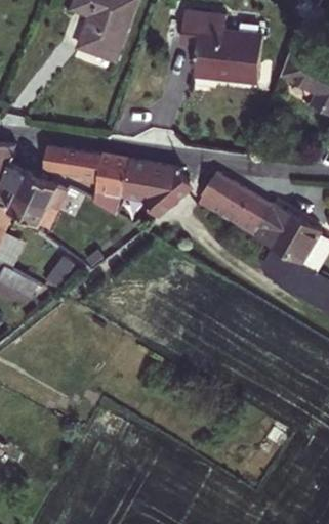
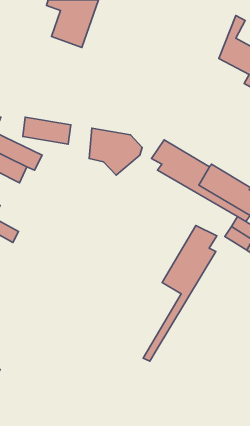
building: [180,11,262,82] -> none
building: [95,155,127,214] -> none
building: none -> [143,225,217,361]

